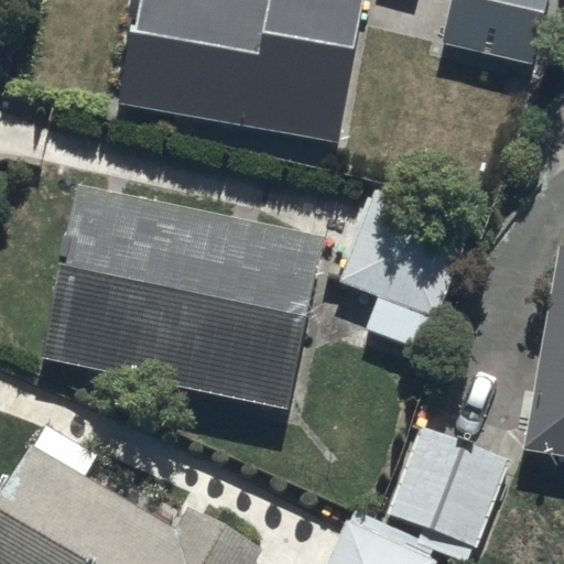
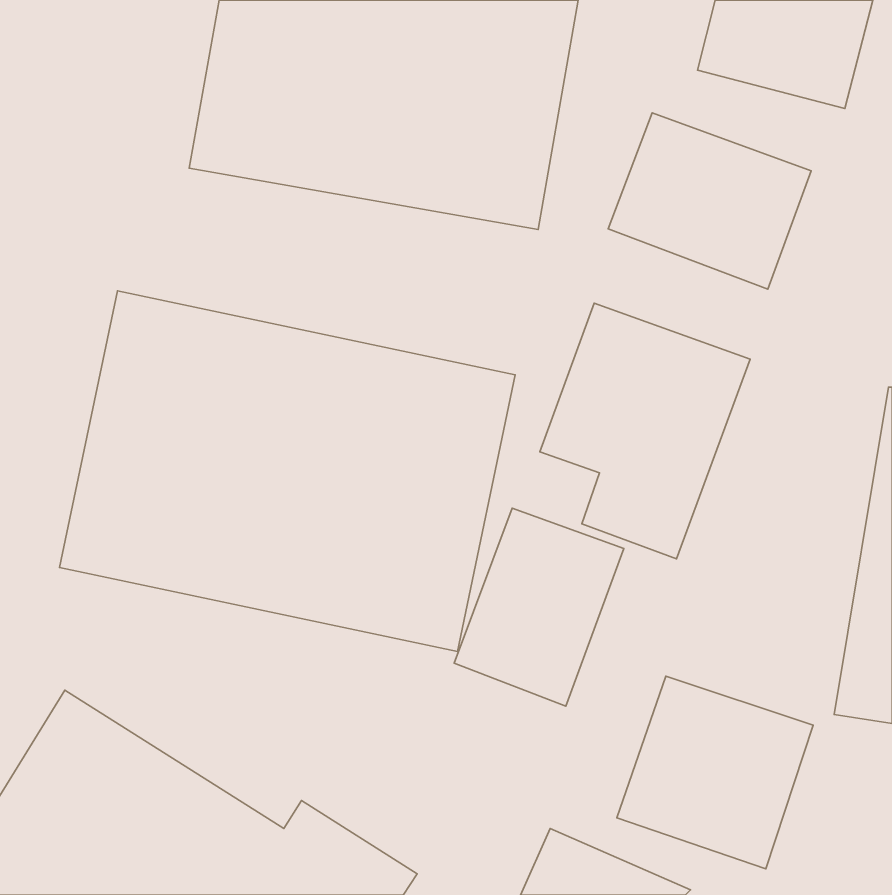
building: none -> [608,113,811,289]
building: none -> [454,508,624,706]

